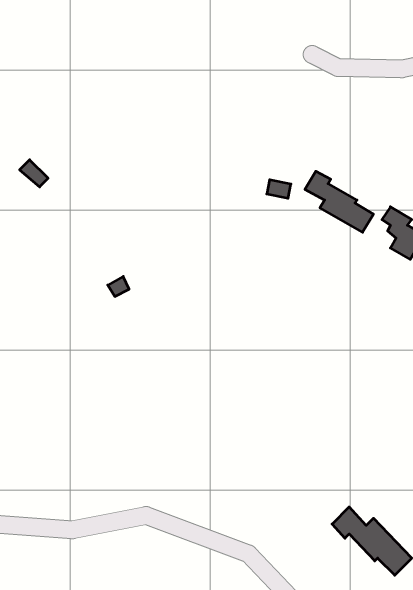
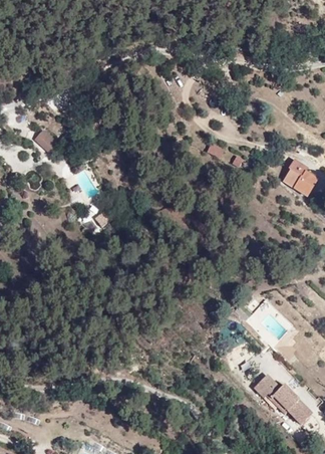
building: [305,171,373,232] -> none

